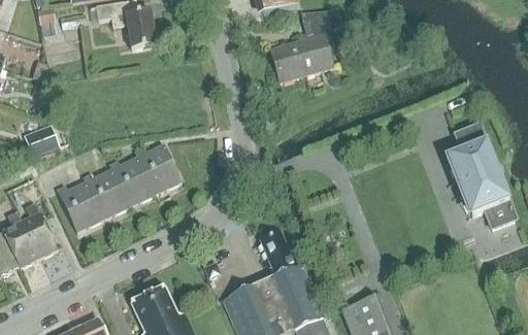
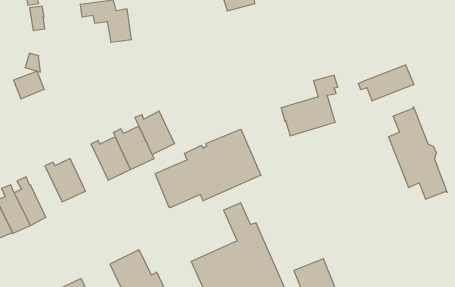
building: [270,12,335,81] -> [281,75,338,136]
building: none -> [359,65,414,101]
building: [24,125,59,157] -> [14,71,44,99]
building: none -> [155,129,261,208]
building: [82,169,128,219] -> [135,111,175,154]

